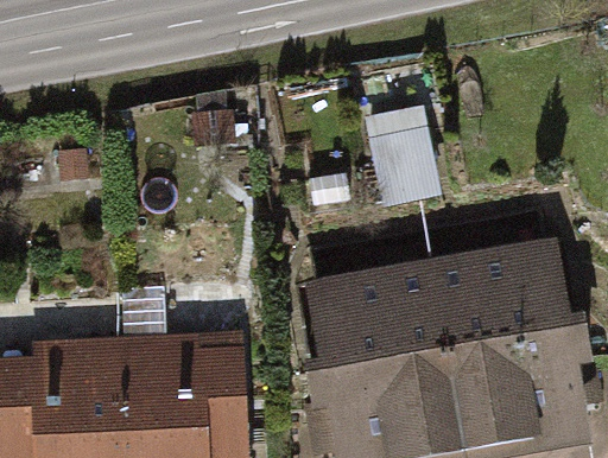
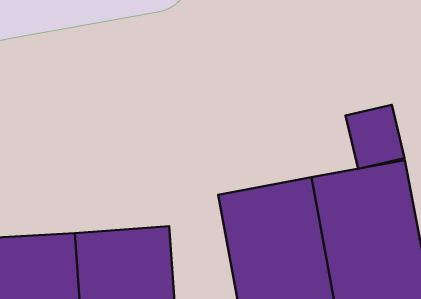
building: [365,117,443,203] -> [346,105,404,169]

